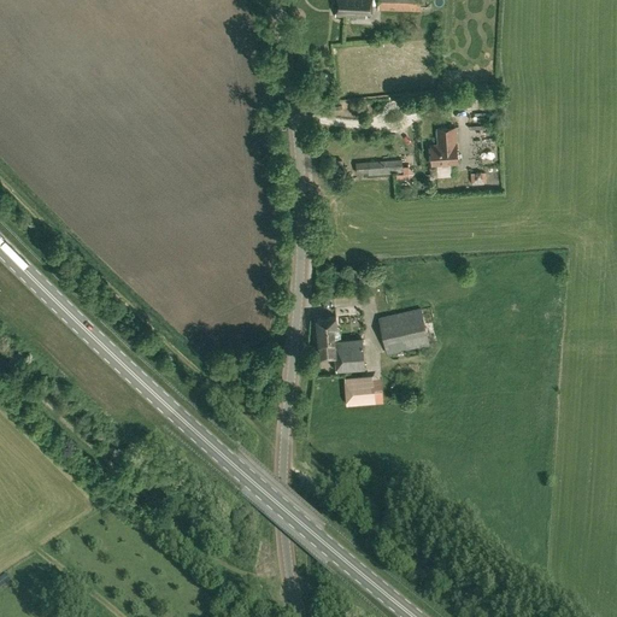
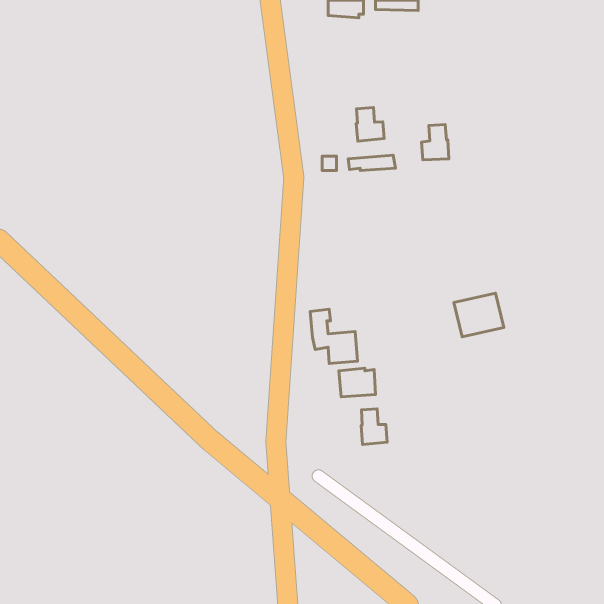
building: none -> [356,108,384,141]
building: [377,308,428,353] -> [454,293,504,337]
building: none -> [361,409,387,444]

